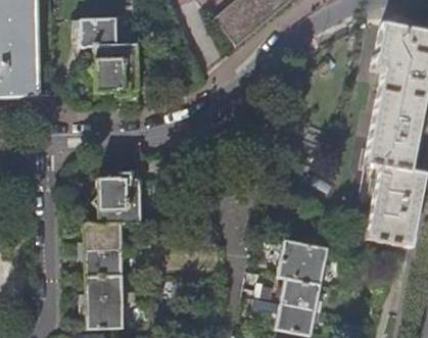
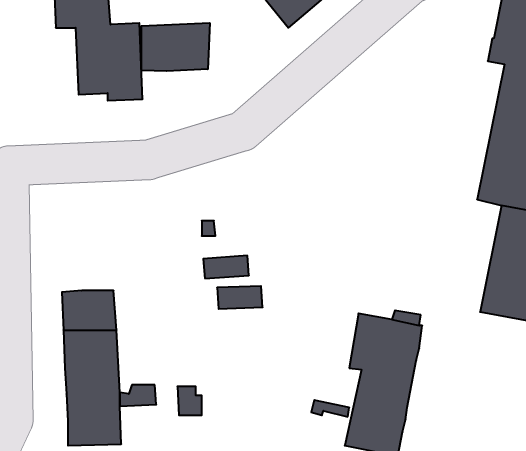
building: none -> [141,23,210,71]
building: [95,173,141,224] -> none

